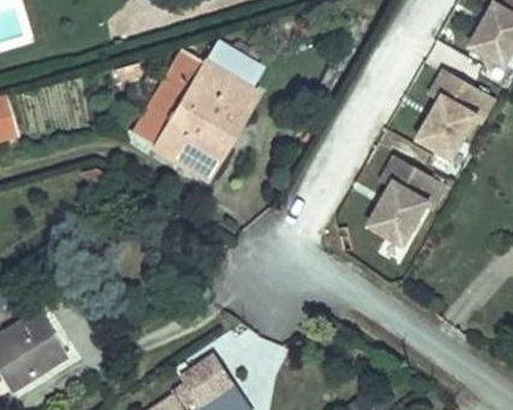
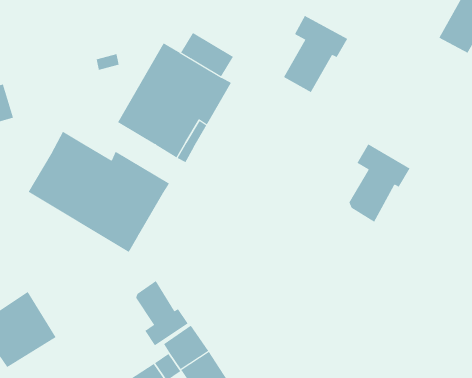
building: [424,70,494,153] -> [283,15,348,93]
building: none -> [28,131,170,253]
building: none -> [136,280,188,346]

